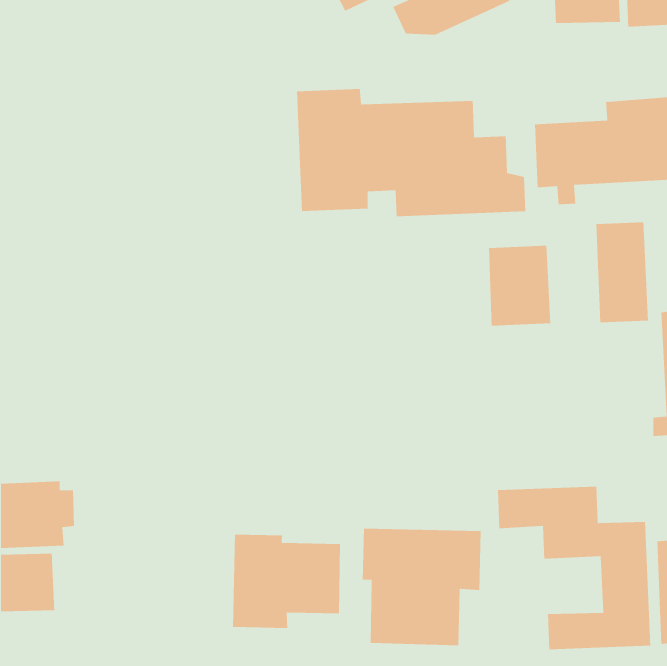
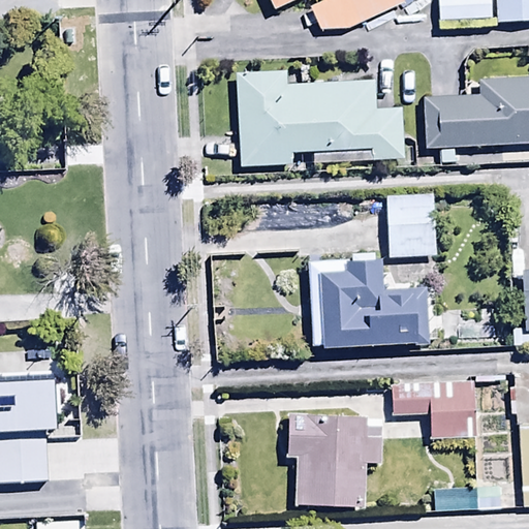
building: [595,221,649,323] -> none
building: none -> [309,251,429,347]
building: [232,534,341,629] -> none

